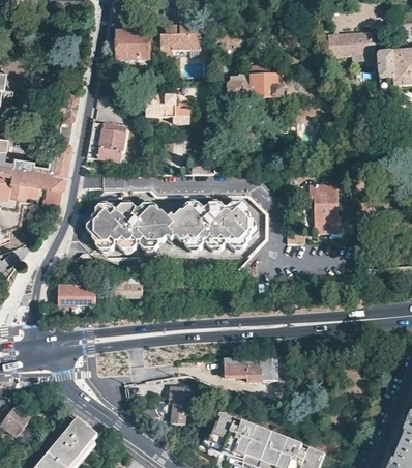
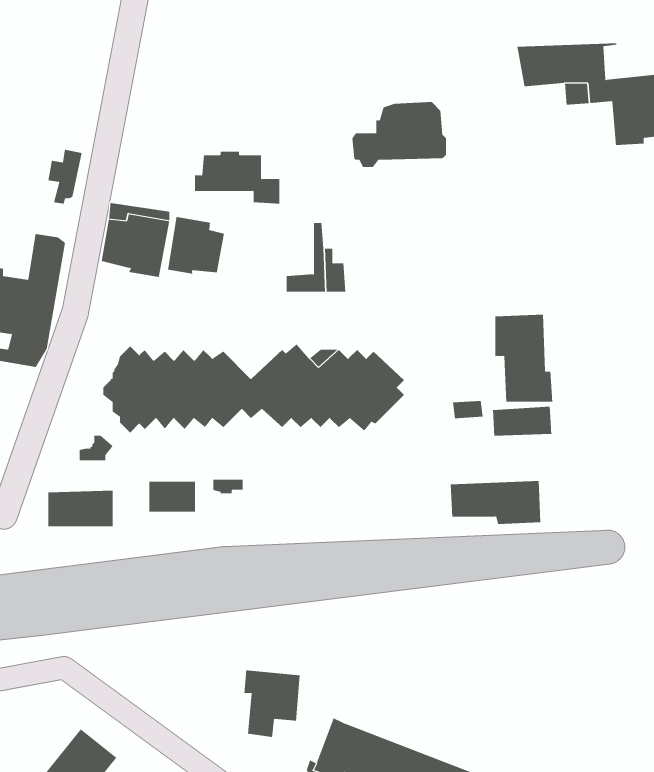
building: [160,20,201,55] -> none
building: [116,31,150,59] -> none
building: none -> [168,216,224,275]
building: none -> [492,406,552,437]
building: [222,357,273,382] -> [450,480,541,524]

